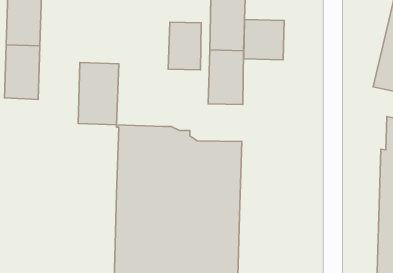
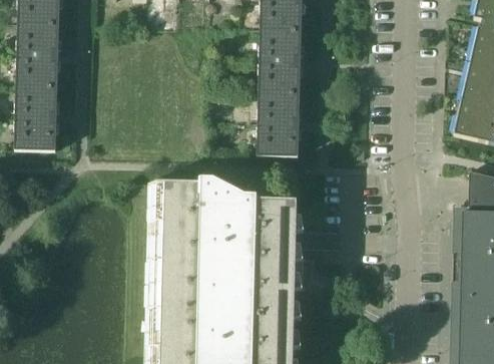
building: [244,20,284,60] -> none
building: [168,22,201,70] -> none
building: [78,63,119,125] -> none

